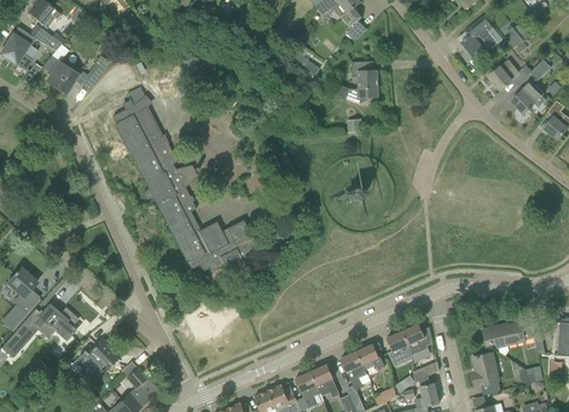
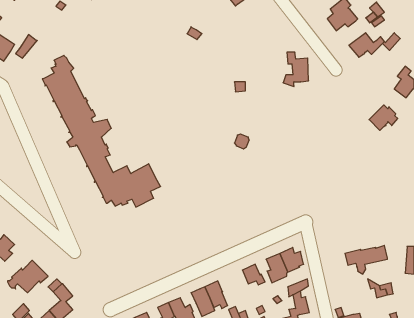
building: [347,62,378,104] -> [283,52,309,87]
building: [511,82,546,114] -> [369,105,398,130]
building: [341,350,367,390] -> none
building: [472,353,501,394] -> none

